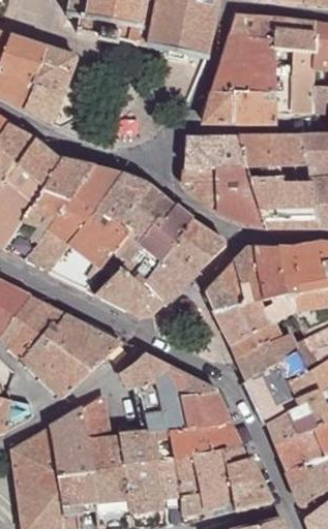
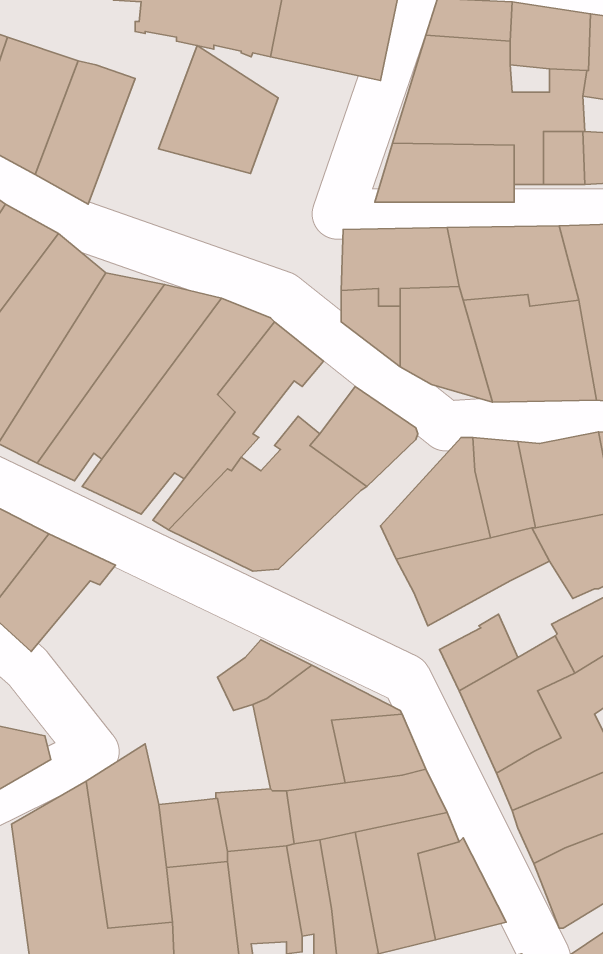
building: none -> [158,46,278,174]
building: [131,205,191,262] -> none
building: [21,312,121,397] -> none
building: [230,320,298,361] -> none
building: [81,394,109,438] -> none

